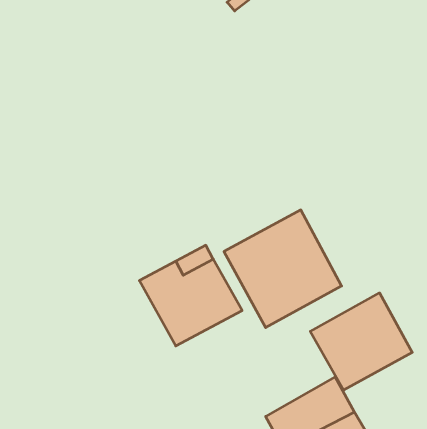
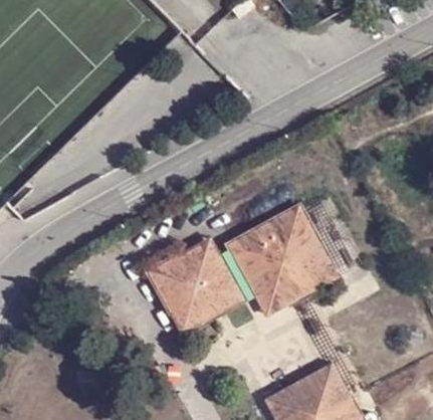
building: [310,293,412,390] -> none

